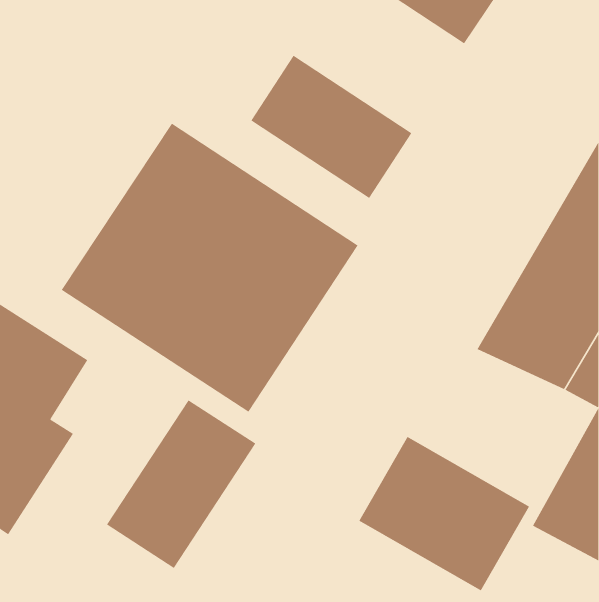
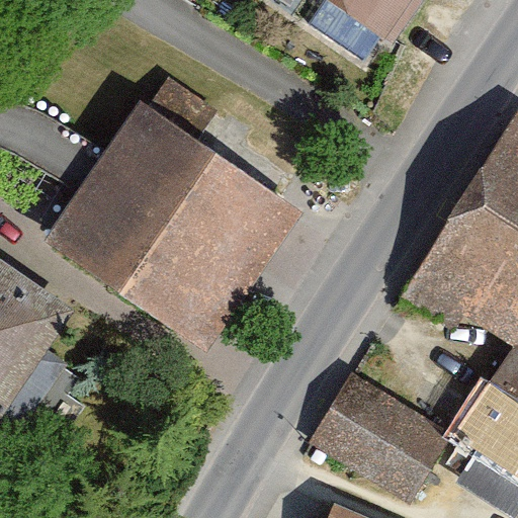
building: [251,55,412,199] -> none
building: [106,399,256,569] -> none

